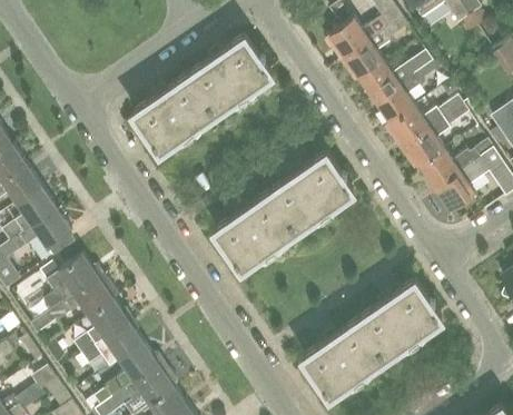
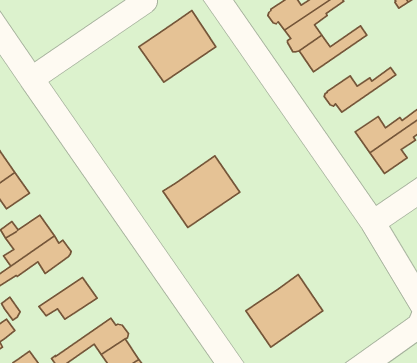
building: [376,63,437,123] -> none
building: [134,76,216,152] -> none
building: [406,106,470,169] -> none
building: [270,154,353,231] -> none
building: [359,280,443,358] -> none
building: [76,300,129,354] -> none
building: [93,345,159,407] -> none

